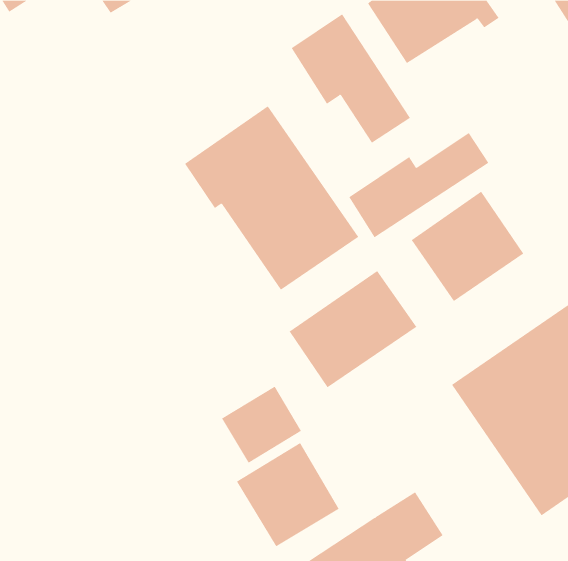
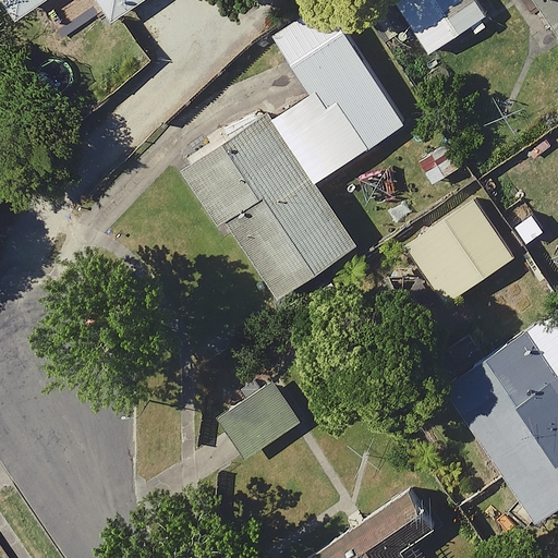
building: [348,132,489,238] -> none
building: [289,270,417,388] -> none
building: [236,442,340,547] -> none

